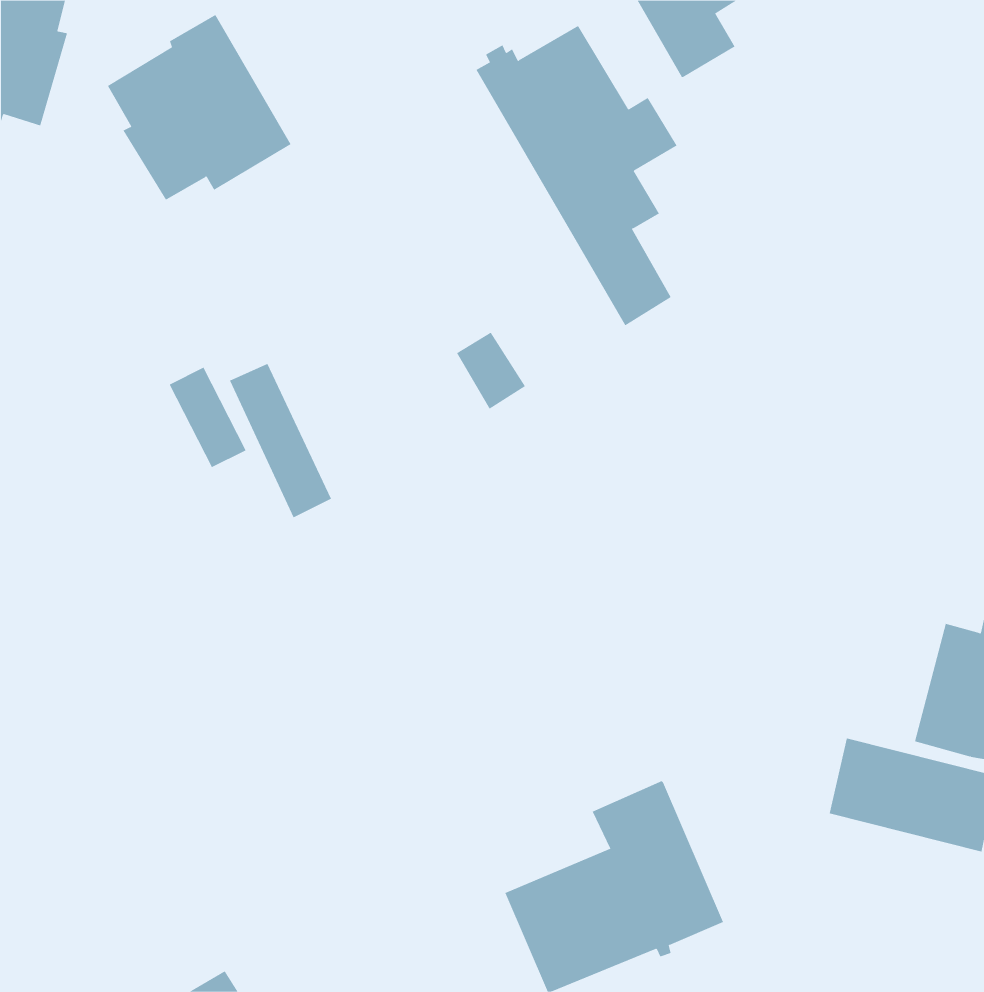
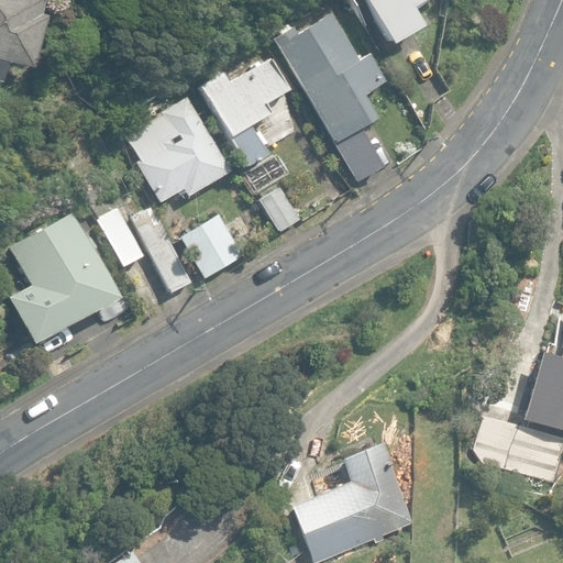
building: [107,14,291,200] -> [128,97,232,202]
building: none -> [200,58,290,167]
building: none -> [183,214,244,278]
building: none -> [9,216,114,318]

